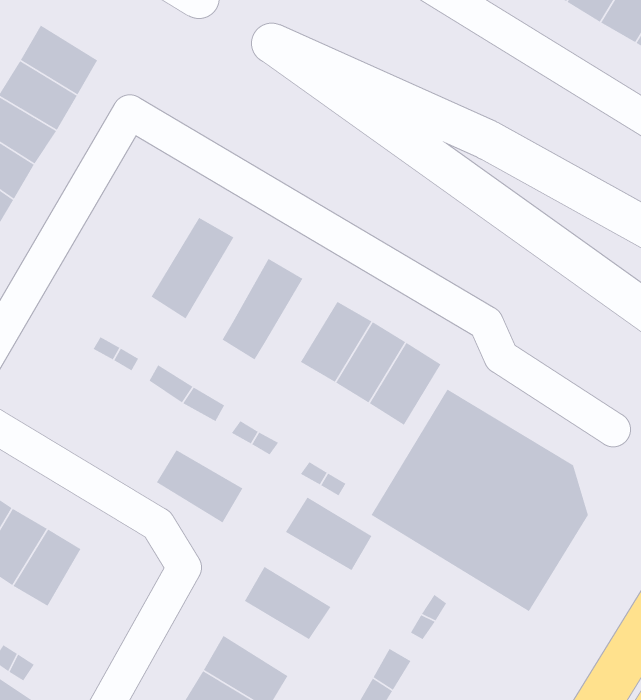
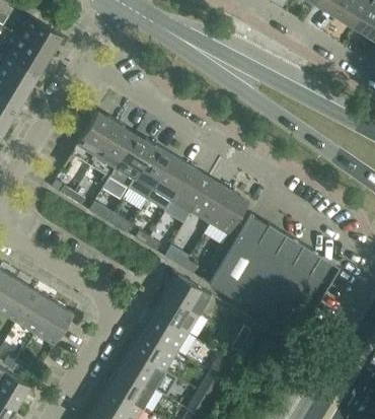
building: none -> [71,109,117,164]
building: none -> [109,132,154,188]
building: none -> [153,154,192,200]
building: [156,449,243,524] -> [152,292,200,333]
building: none -> [34,301,73,345]
building: none -> [130,330,176,370]

